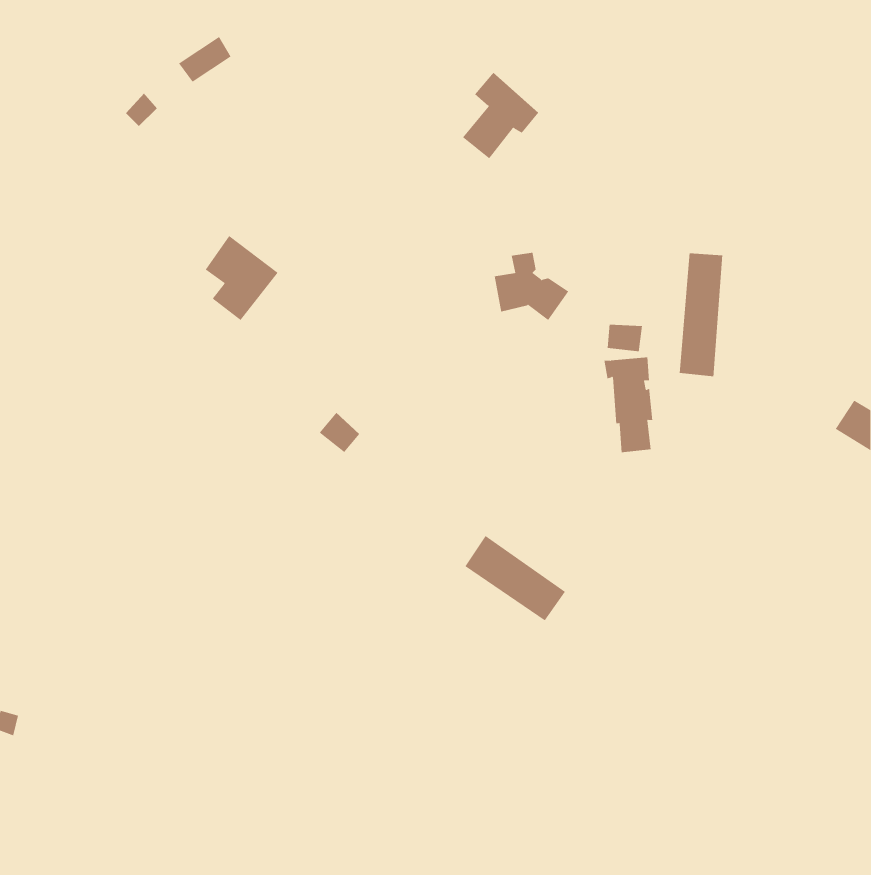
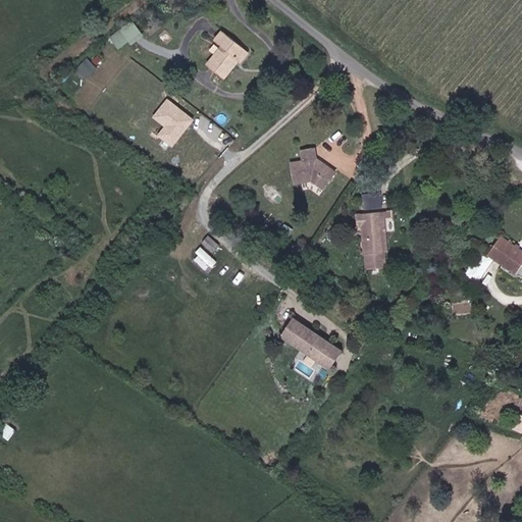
building: [462,72,539,159] -> [200,28,246,80]
building: [205,235,279,321] -> [149,95,193,146]
building: [679,252,723,377] -> none

